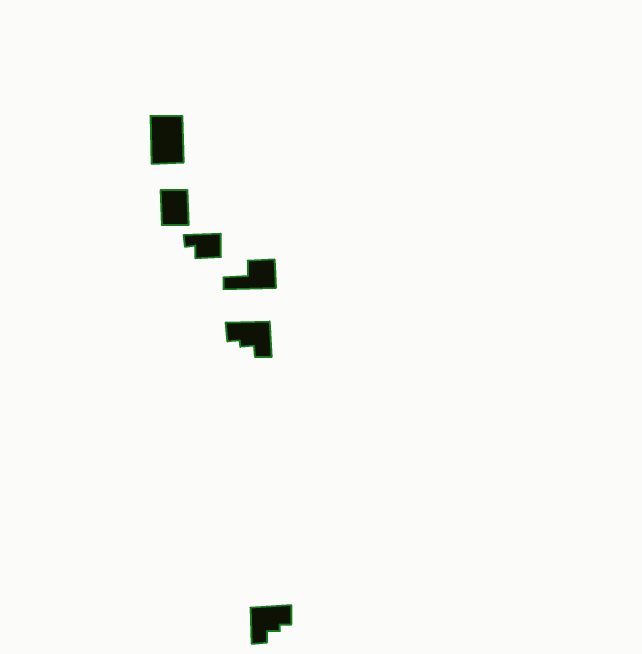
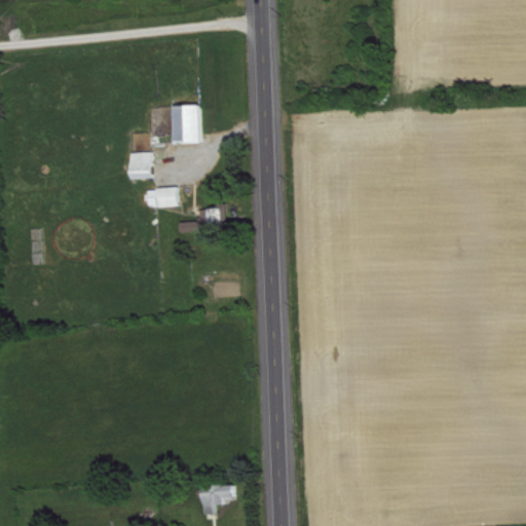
building: [150,116,184,164] -> [173,105,199,143]
building: [226,321,272,357] -> none

